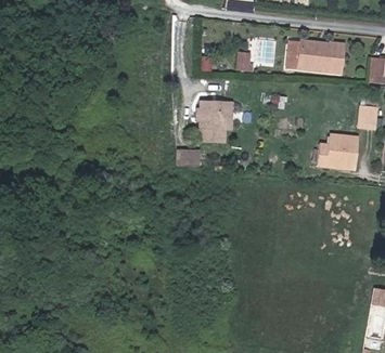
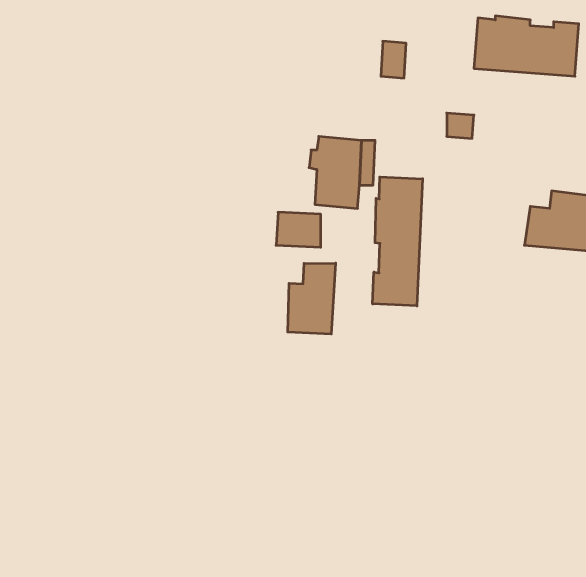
building: none -> [373,177,423,306]
building: none -> [288,263,336,334]

